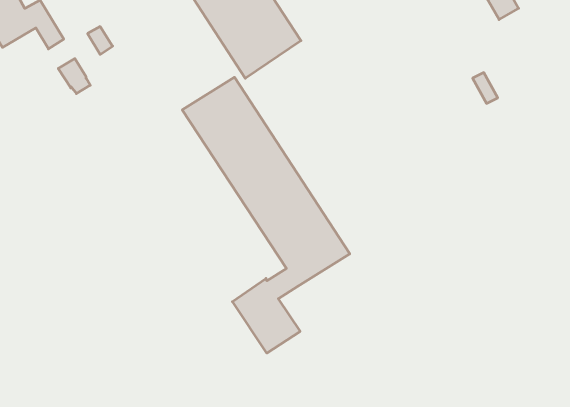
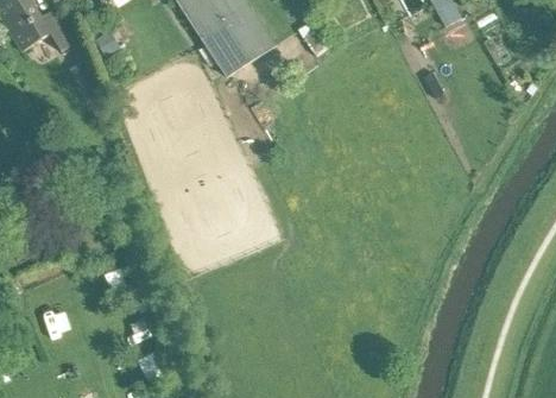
building: [182,77,350,353] -> none

